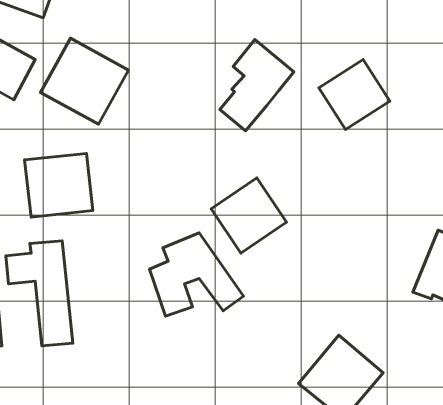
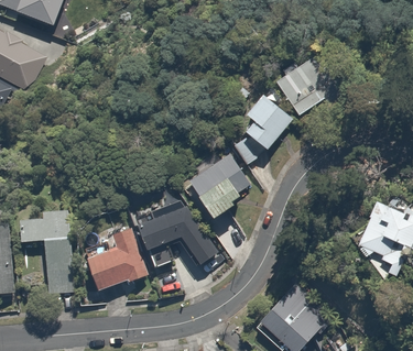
building: [40,38,129,124] -> none
building: [220,40,294,131] -> [233,91,294,166]
building: [25,153,93,217] -> none
building: none -> [87,226,149,290]

